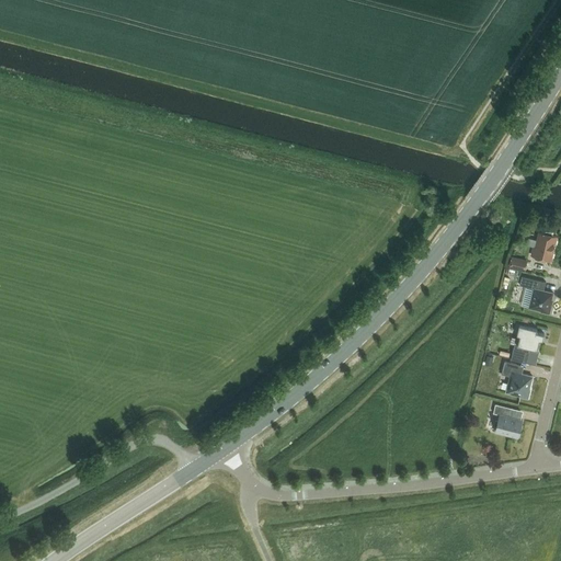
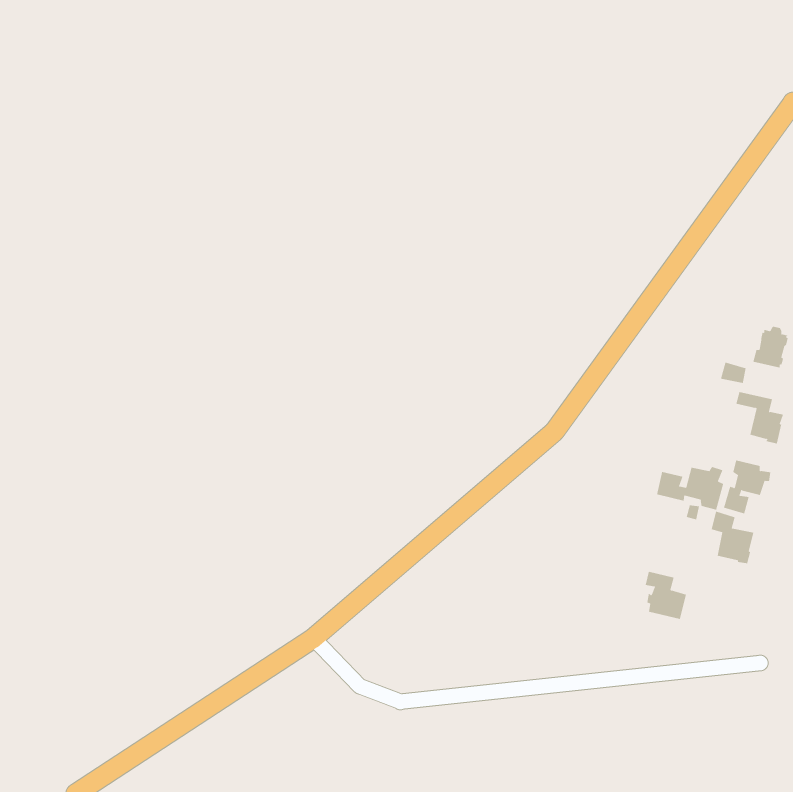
building: none -> [656,466,724,511]
building: [493,404,523,438] -> [645,571,687,619]

